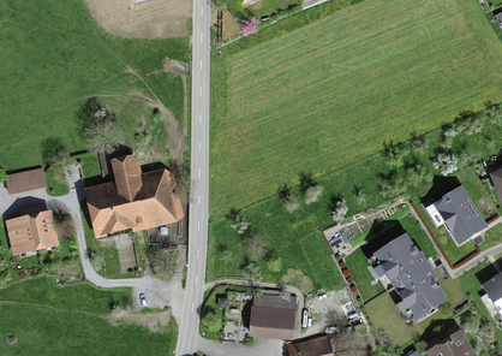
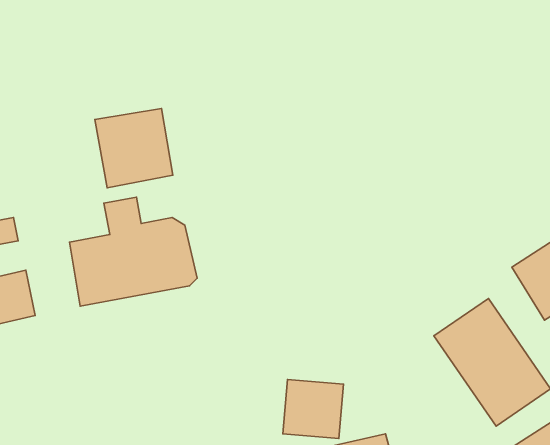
building: none -> [95,108,173,188]

